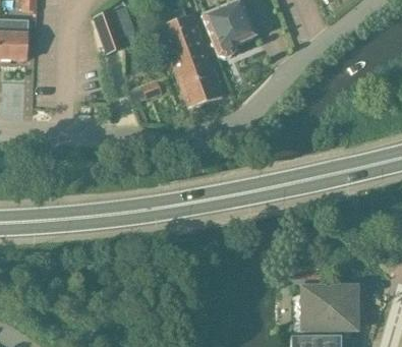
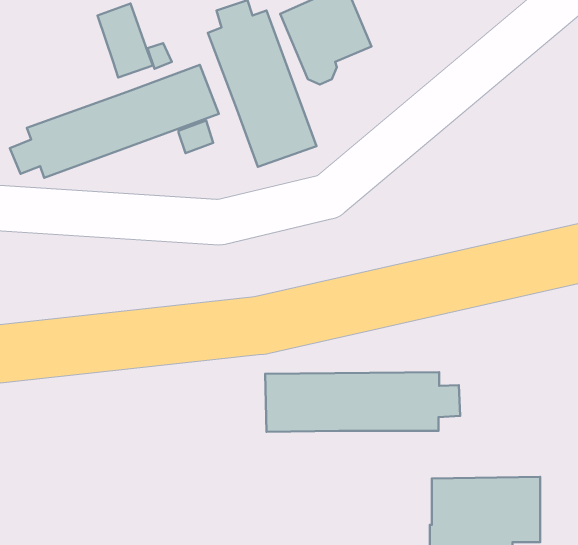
building: none -> [10,65,219,178]
building: none -> [265,372,460,432]

